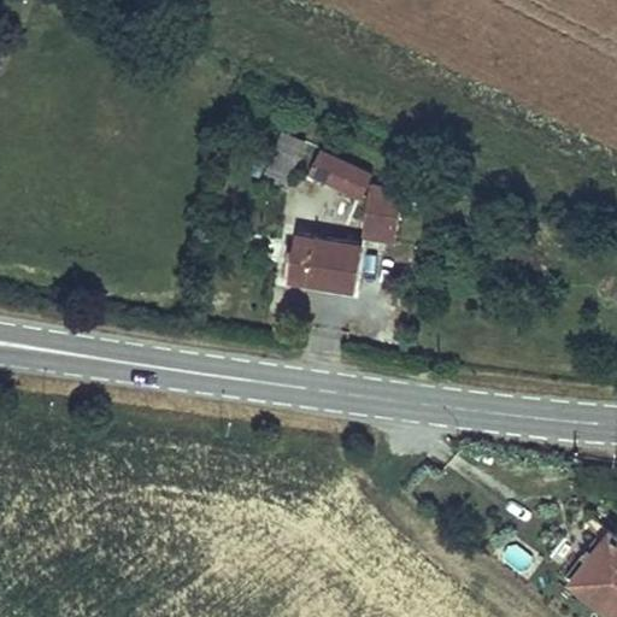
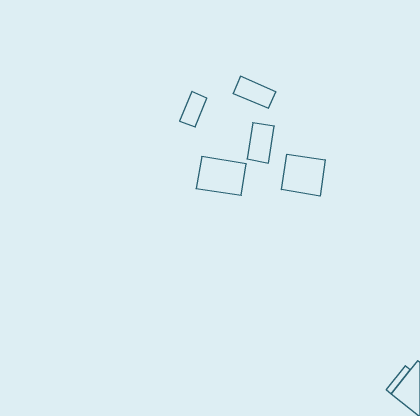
building: [310,152,372,199] -> [233,76,276,108]
building: none -> [281,154,325,196]

